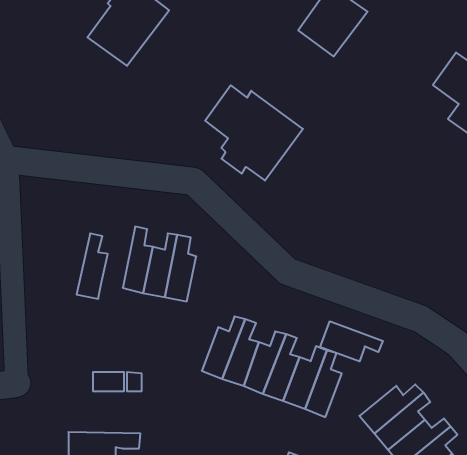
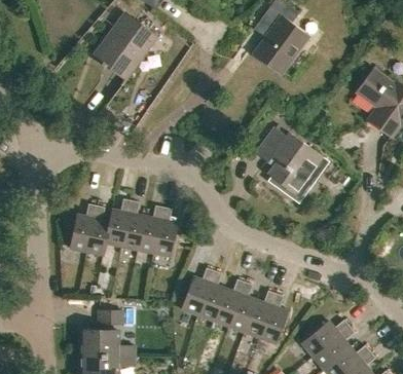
building: [205,85,303,181] -> [254,126,328,198]
building: none -> [105,198,131,247]
building: none -> [70,203,97,252]
building: [320,321,383,361] -> none
building: none -> [80,331,135,357]

